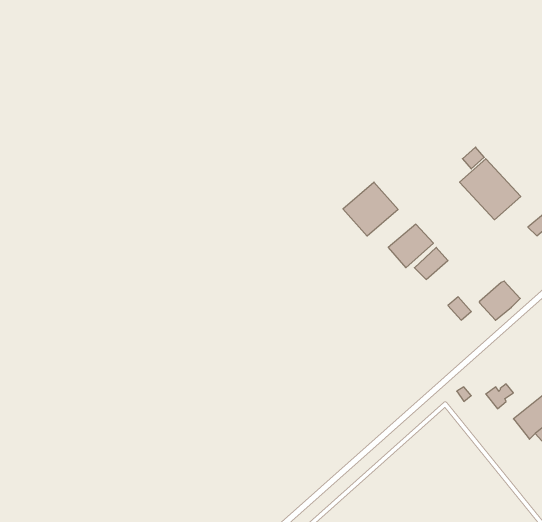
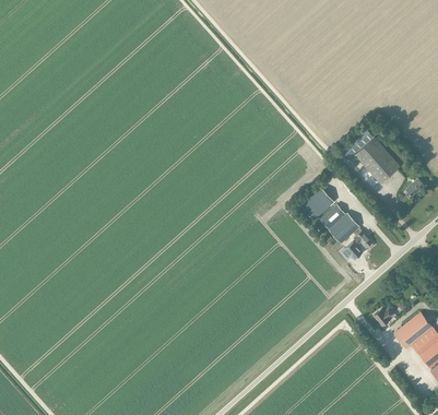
building: [343,182,398,236] -> none
building: [479,281,520,320] -> [329,214,359,244]

